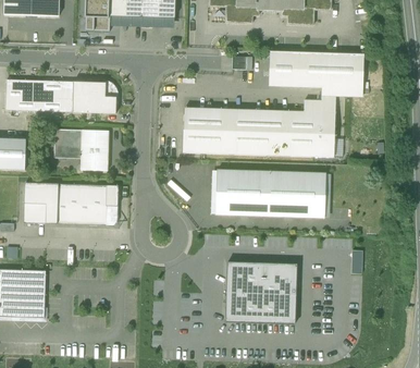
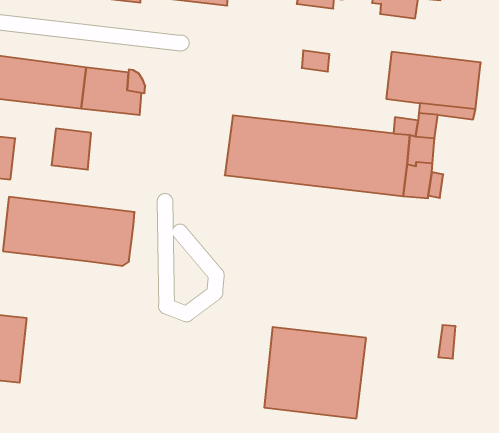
building: [268,51,297,86] -> none
building: [79,130,108,170] -> none
building: [214,170,325,217] -> none

